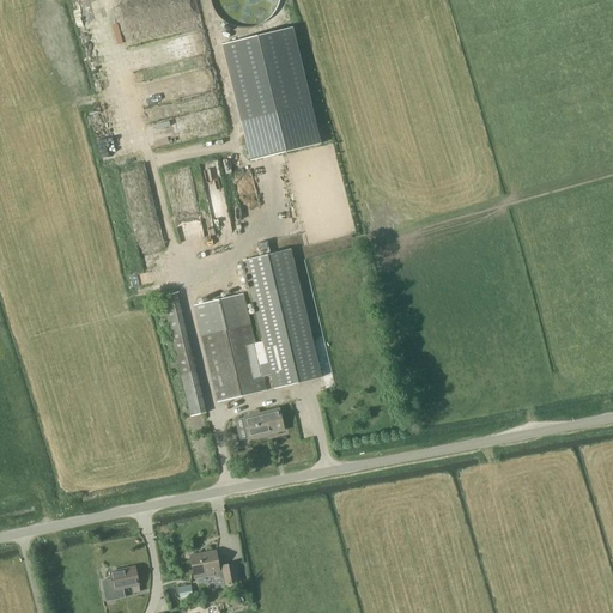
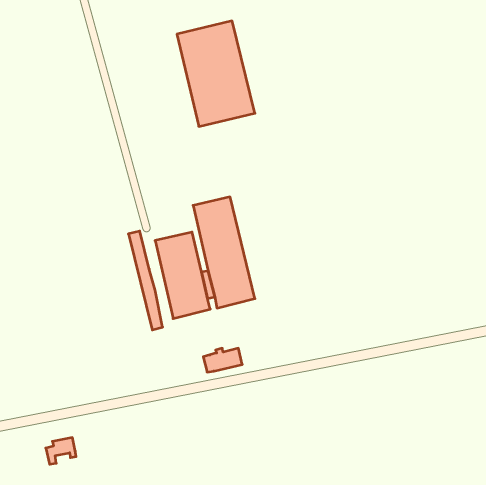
building: [235,408,284,438] -> [203,348,242,372]
building: [190,551,237,584] -> none
building: [102,566,140,600] -> [46,438,76,464]

